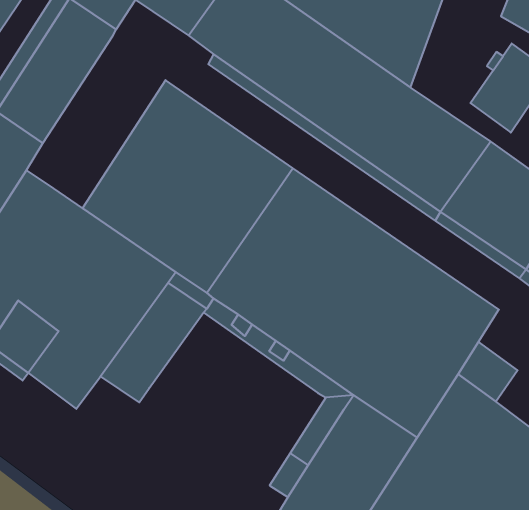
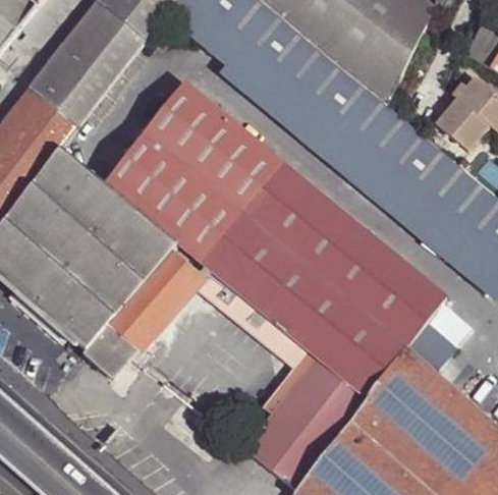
building: none -> [84,324,139,377]

